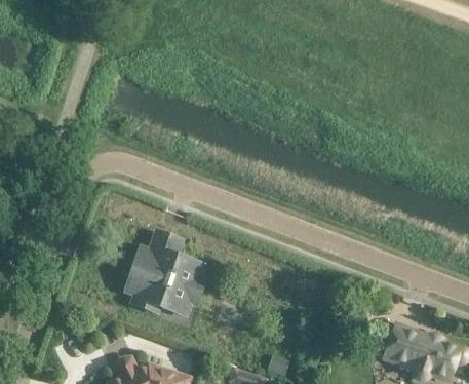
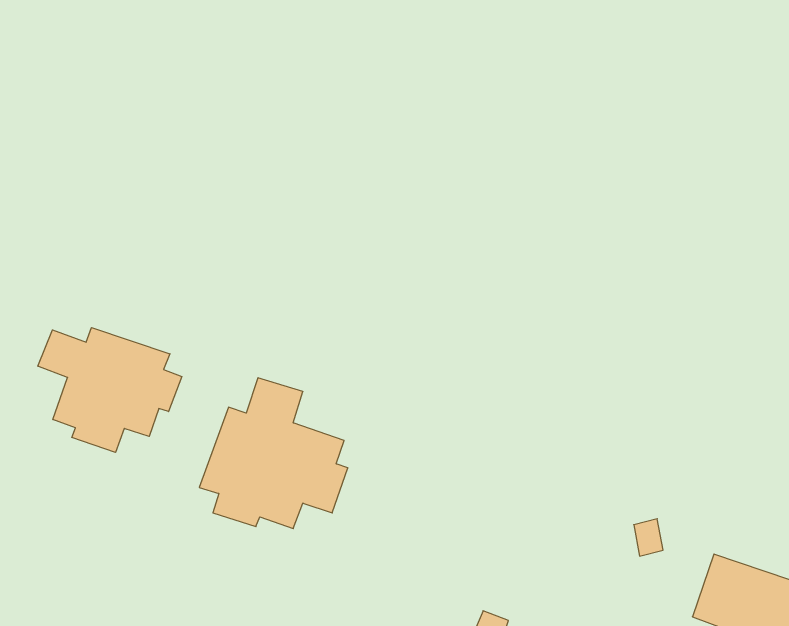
building: none -> [38,328,182,452]

